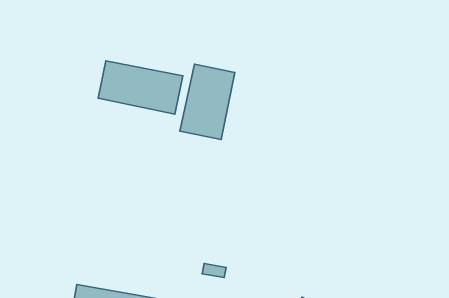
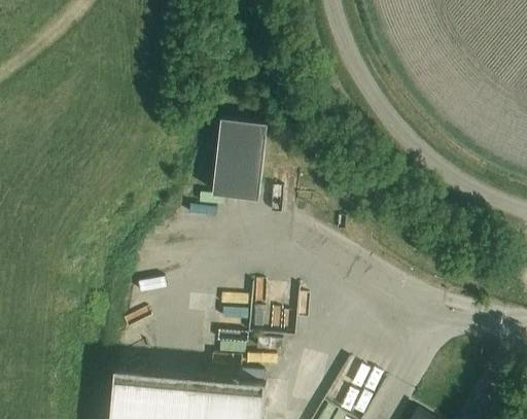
building: [98,61,183,114] -> none

